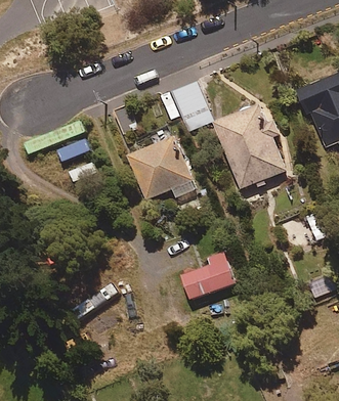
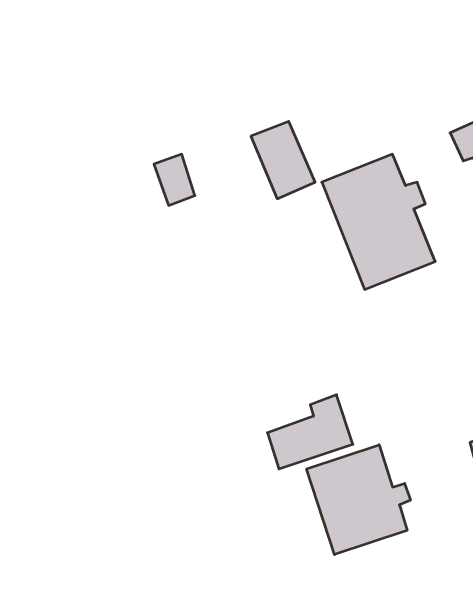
building: [127,135,195,199] -> none
building: none -> [307,445,410,555]

